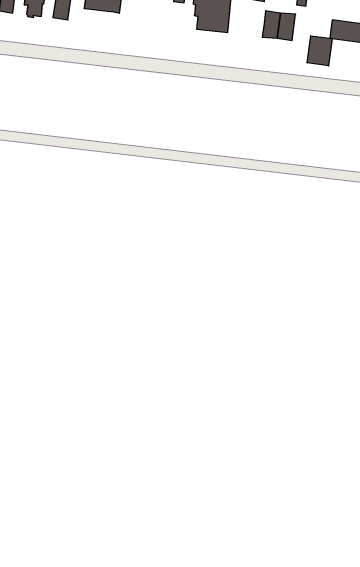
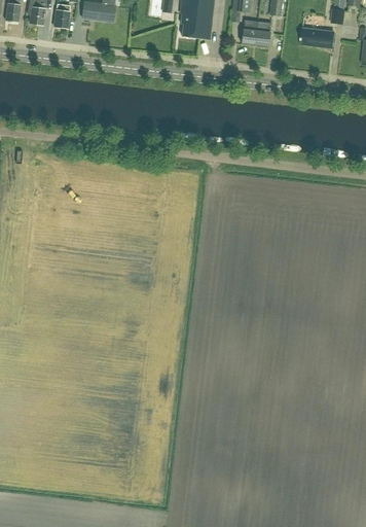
building: [307,36,332,66] -> none

